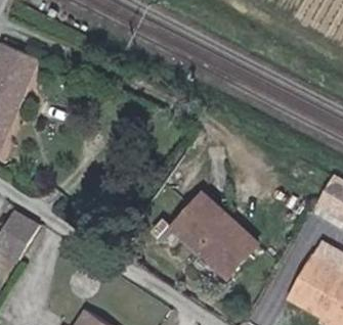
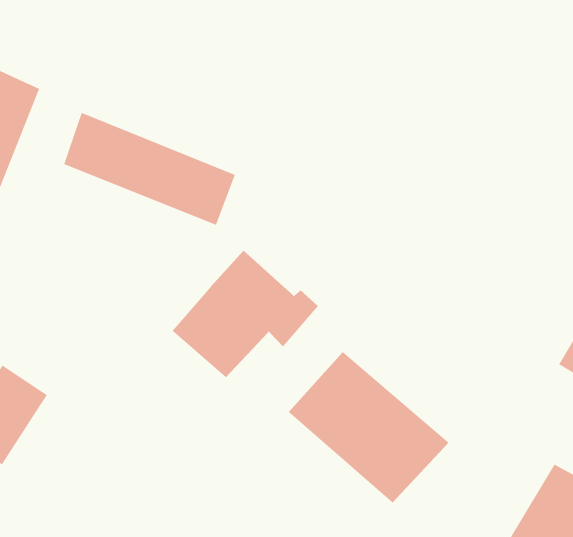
building: none -> [63,112,236,226]
building: none -> [172,250,319,378]

